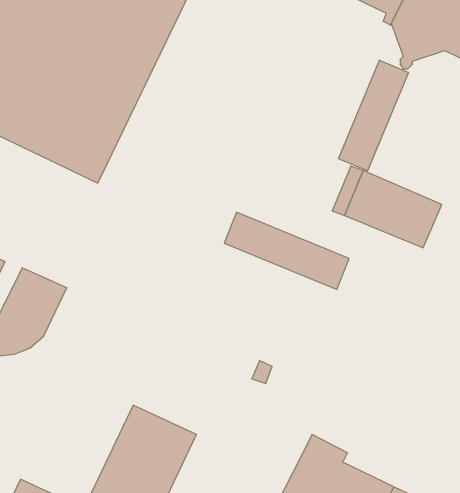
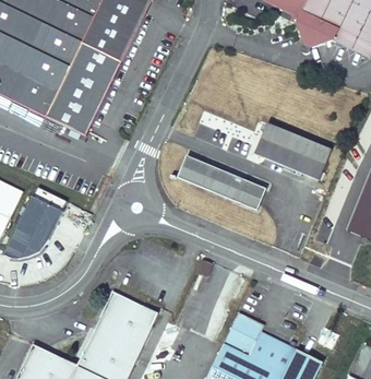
building: [339,60,408,171] -> none

